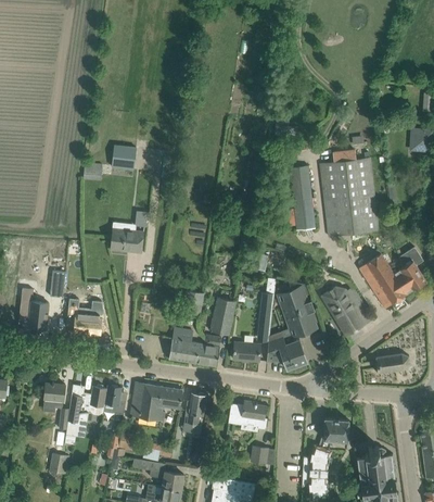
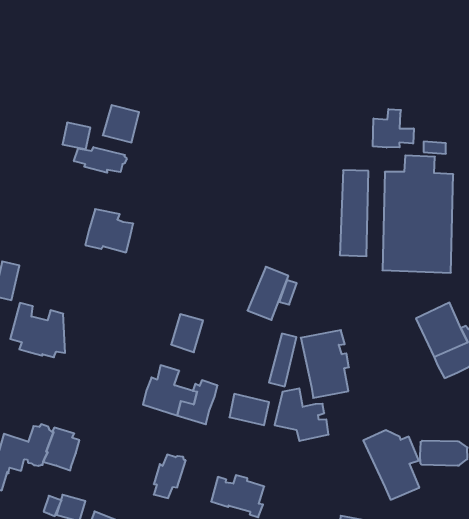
building: none -> [373,109,414,148]
building: none -> [74,147,127,173]
building: [320,286,366,336] -> [363,430,419,500]
building: [209,298,235,336] -> [247,267,288,320]
building: [130,382,183,422] -> none

